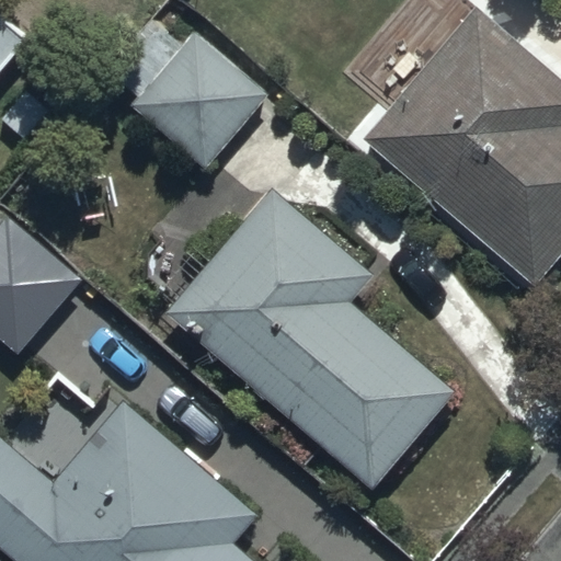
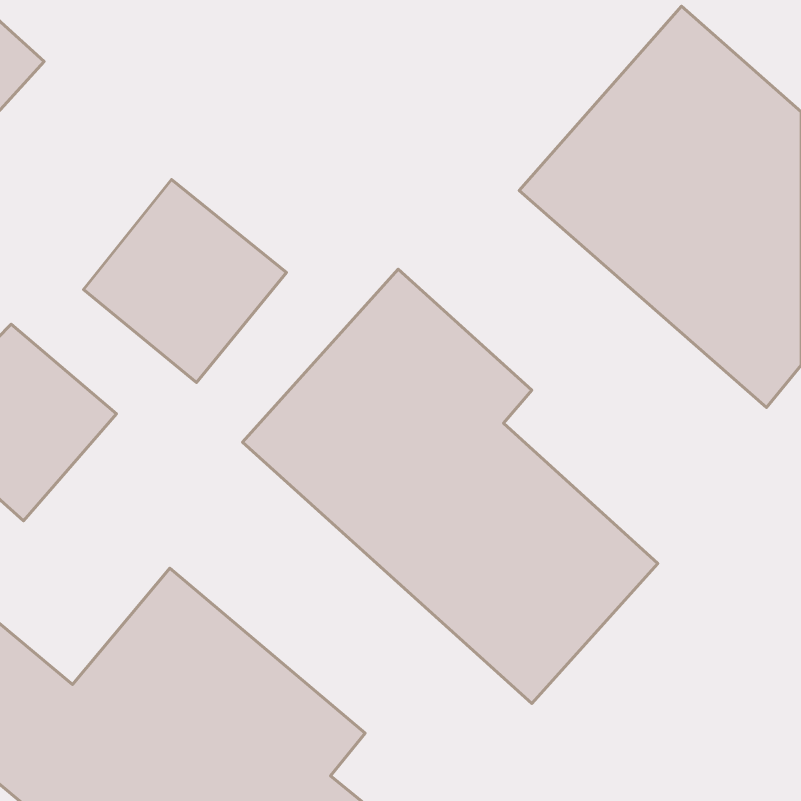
building: [128,27,270,169] -> [83,180,286,383]

